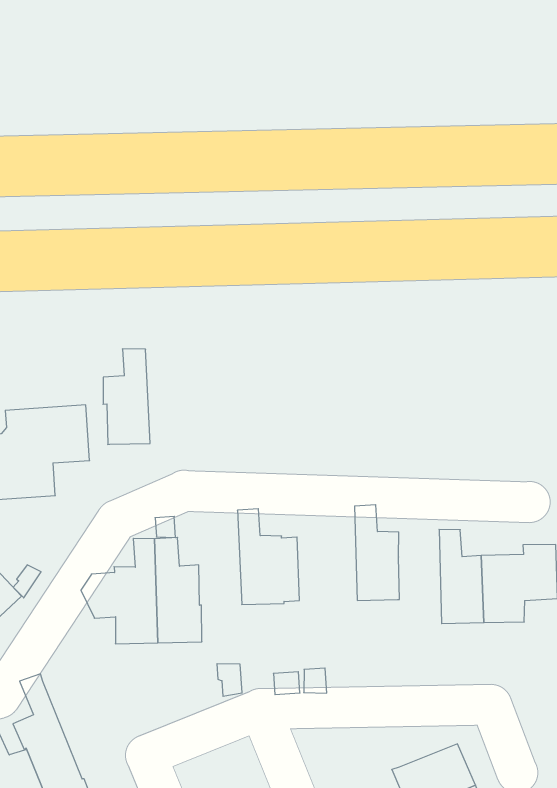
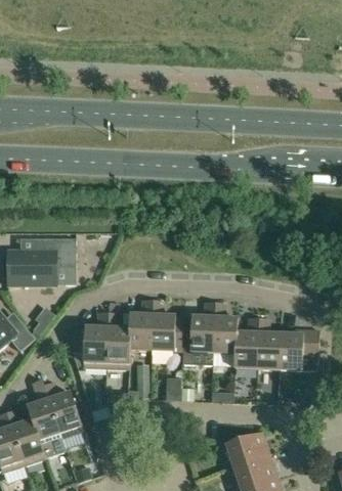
building: [103,349,150,444] -> [128,300,153,351]
building: none -> [190,302,215,353]
building: none -> [233,318,259,368]
building: none -> [43,383,83,438]

